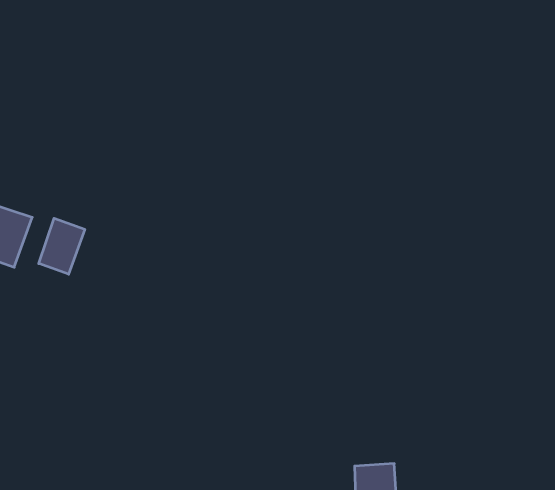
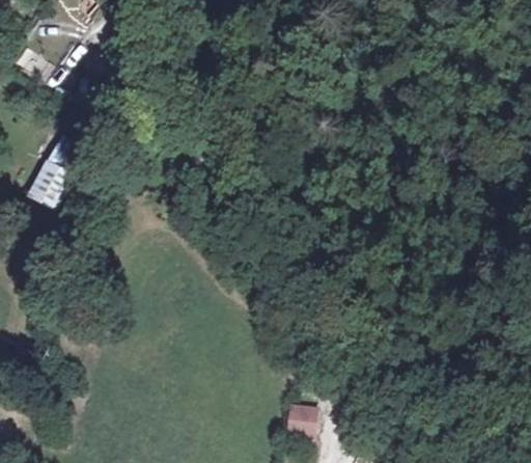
building: [39,218,85,274] -> none

